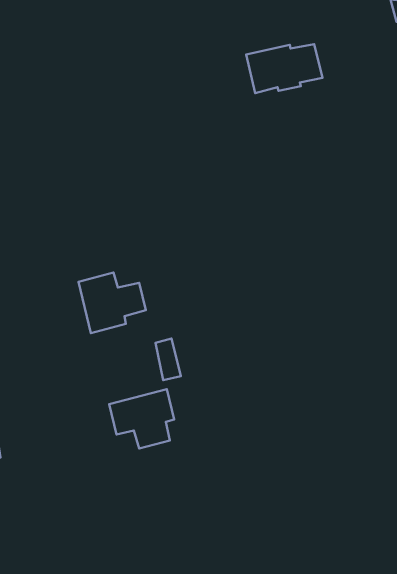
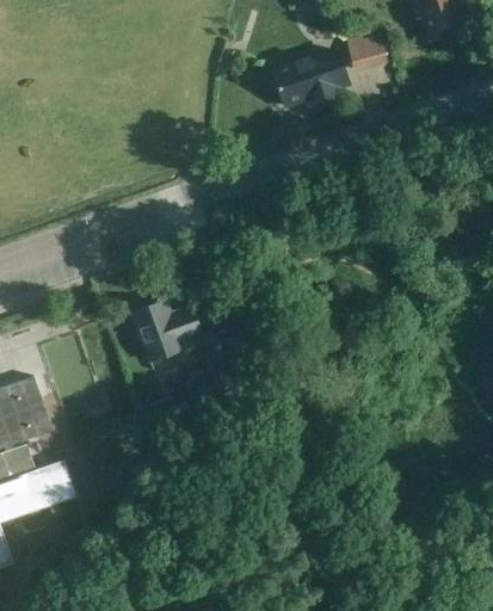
building: none -> [345,37,388,75]
building: [109,389,174,449] -> none

